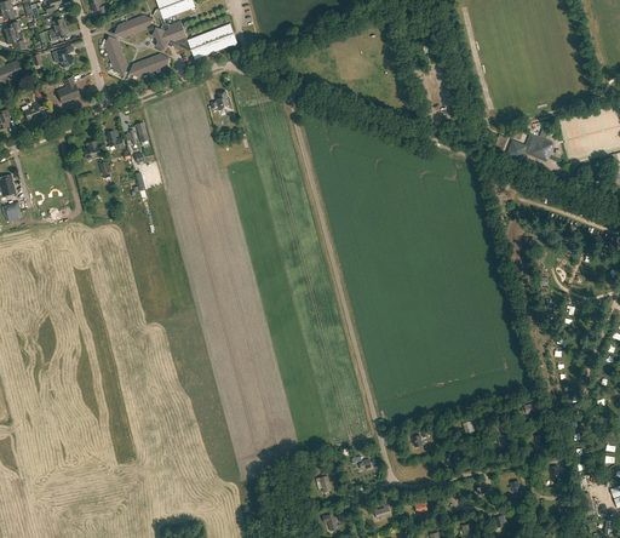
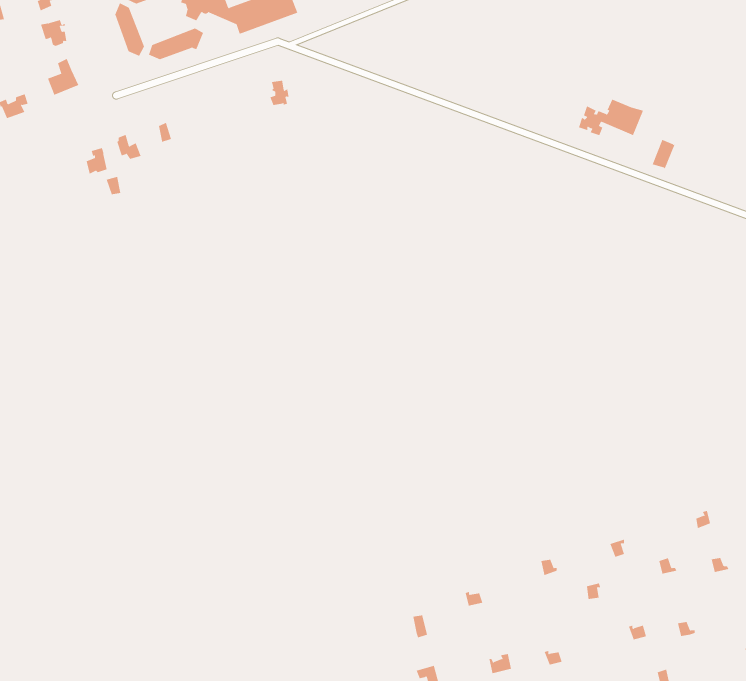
building: [506,133,553,160] -> [578,99,644,136]

